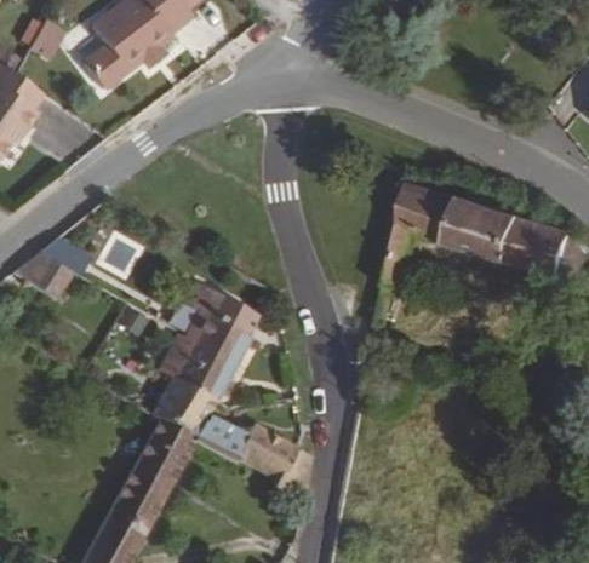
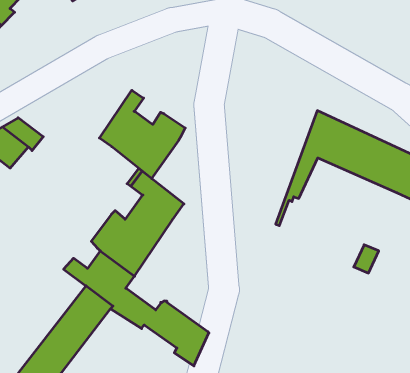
building: none -> [99,90,185,179]

